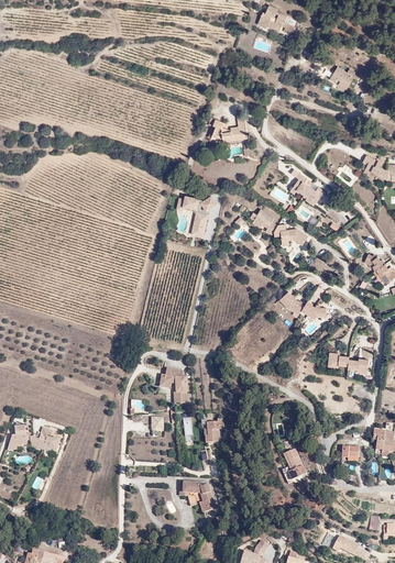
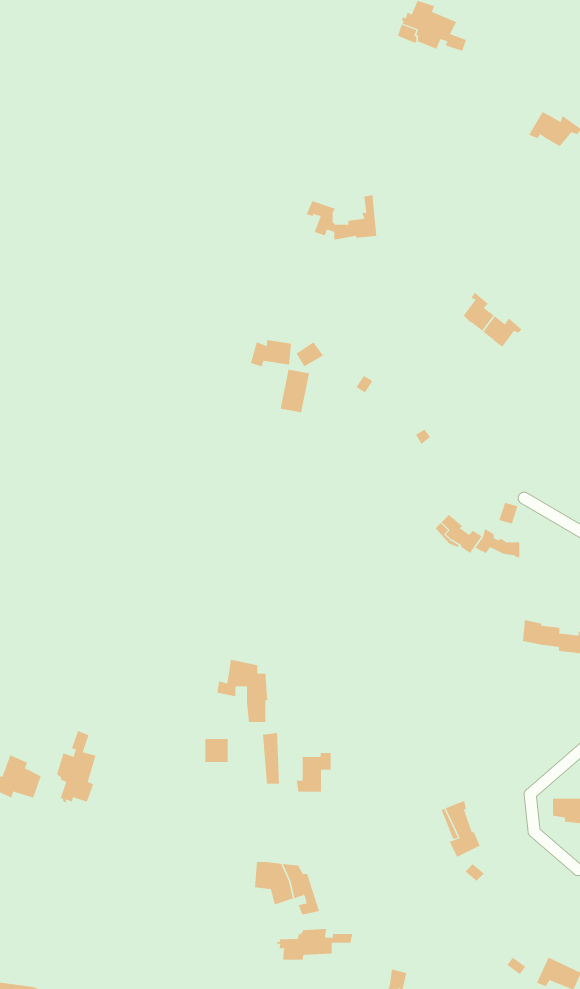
building: [251,208,308,244] -> none
building: none -> [57,730,96,803]
building: none -> [277,928,353,961]

